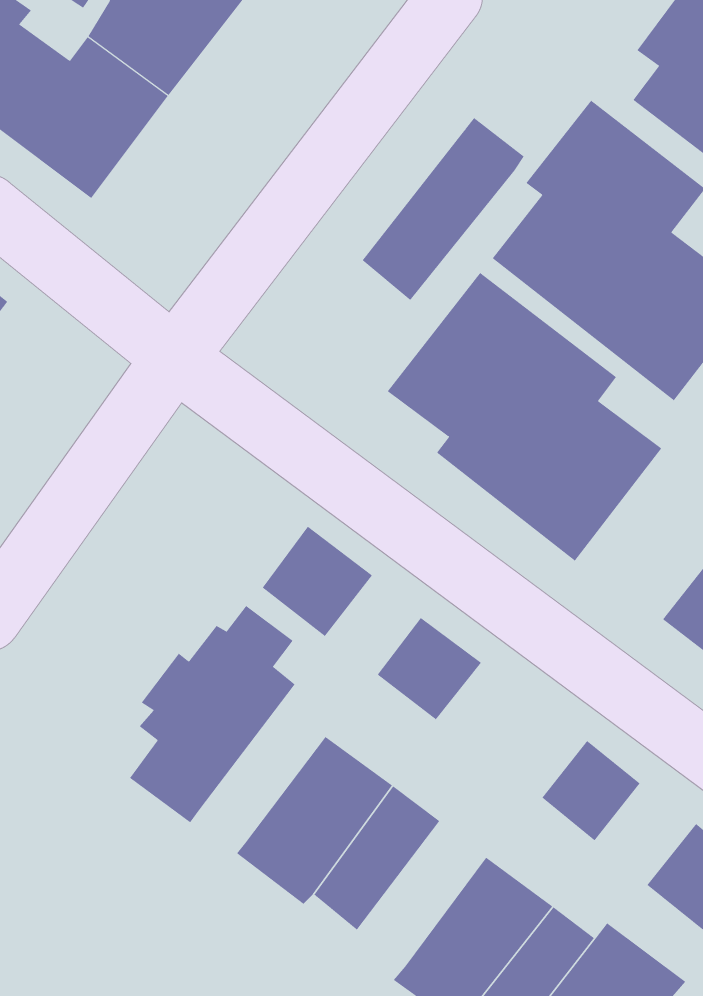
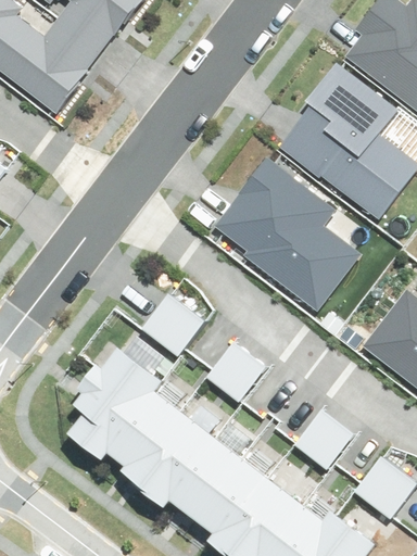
building: [362,117,524,301] -> none
building: none -> [112,391,180,468]
building: none -> [198,456,268,535]

